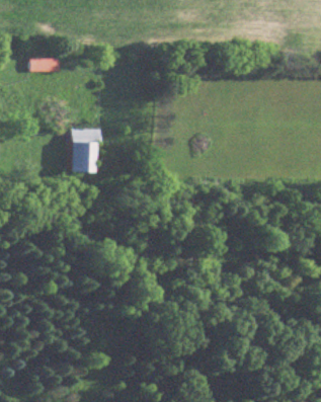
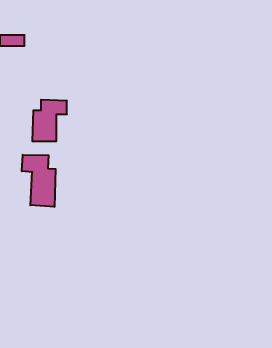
building: none -> [22,155,56,207]

